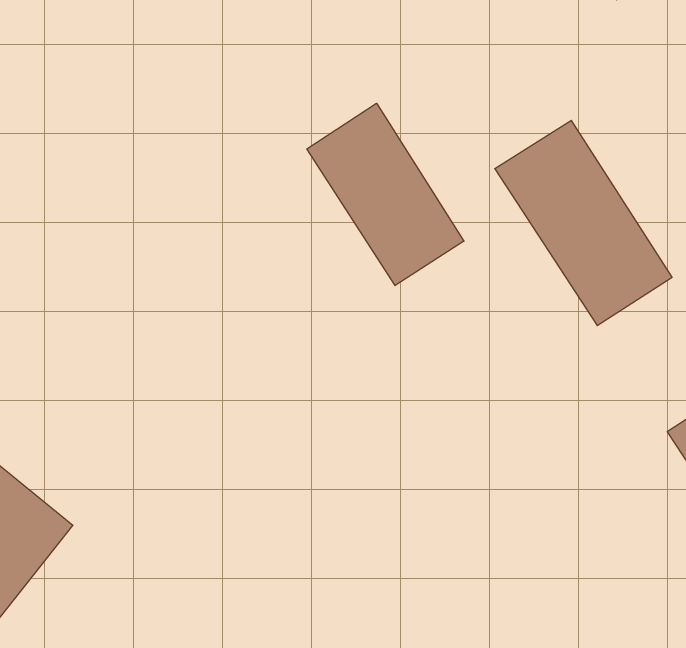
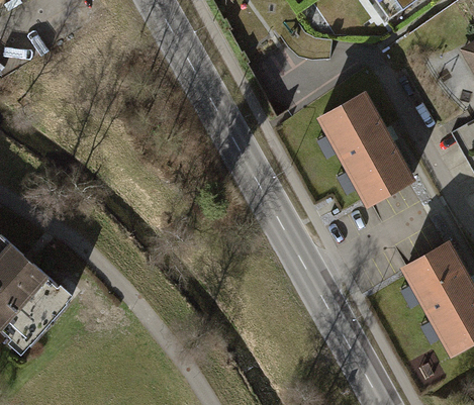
building: [307,103,464,286] -> none

